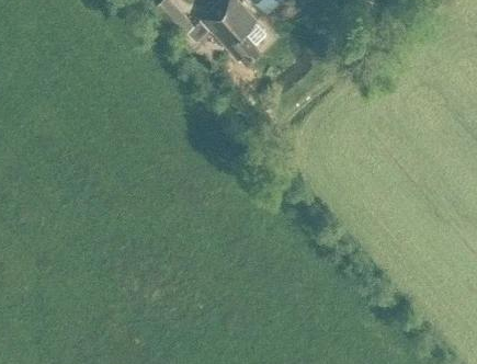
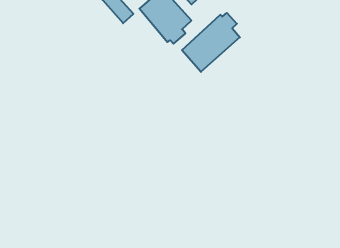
building: none -> [182,13,240,72]

